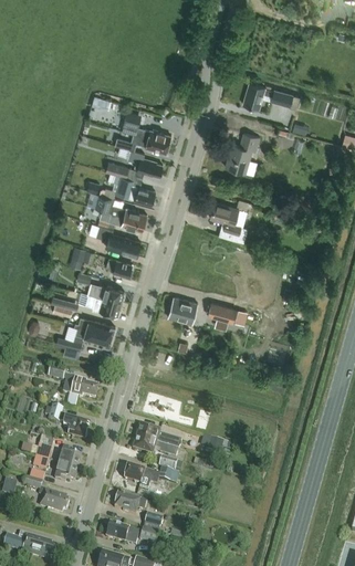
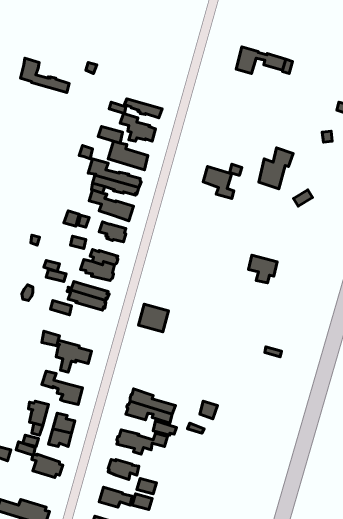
building: [123,111,171,145] -> [20,58,69,92]
building: [226,133,260,174] -> [259,148,293,189]
building: [168,296,198,324] -> [139,304,168,332]
building: [208,302,237,329] -> [249,255,277,283]

